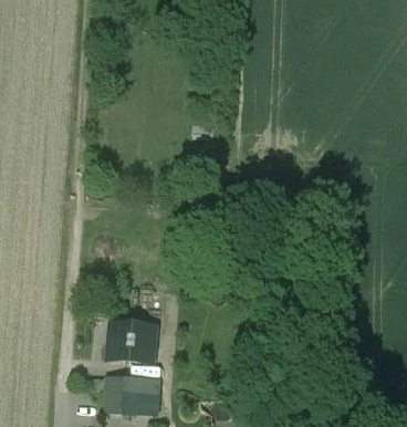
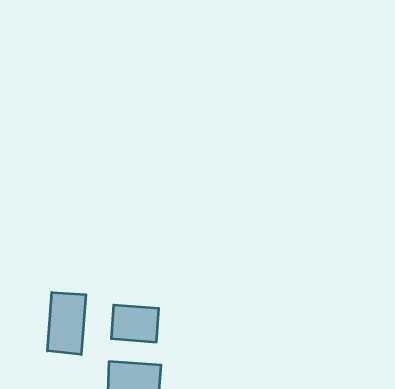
building: none -> [47,292,86,355]

